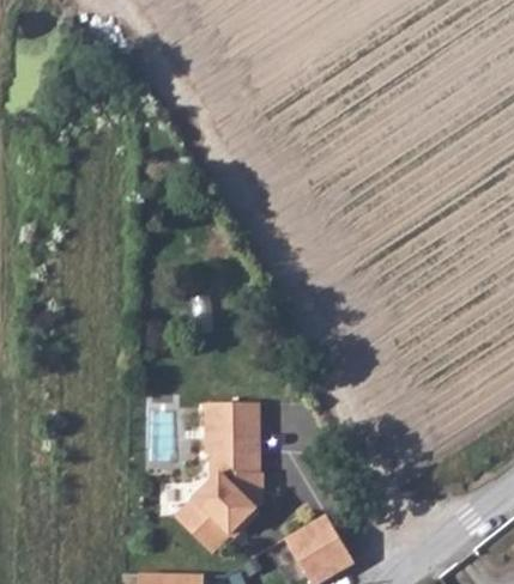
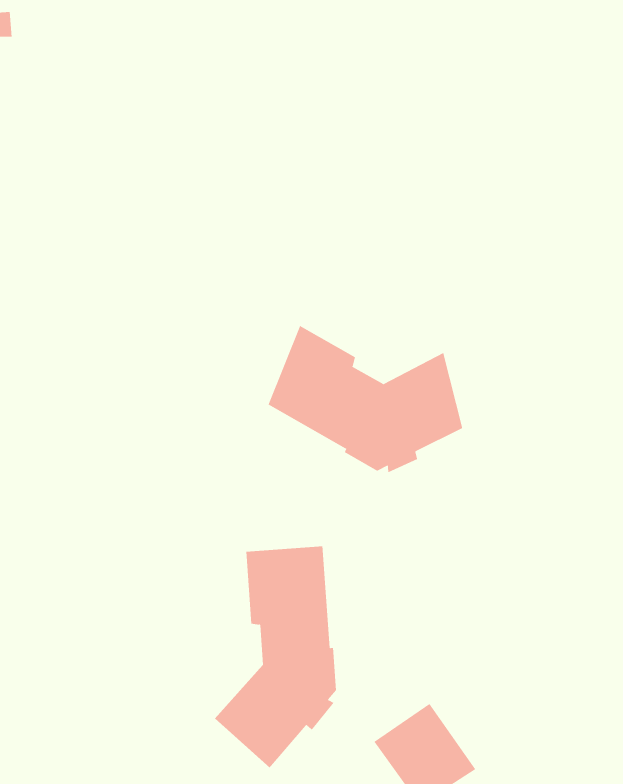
building: none -> [268,325,463,473]

